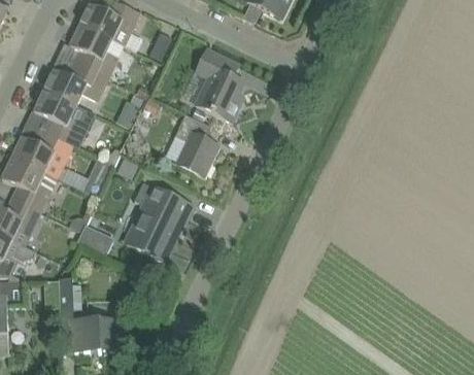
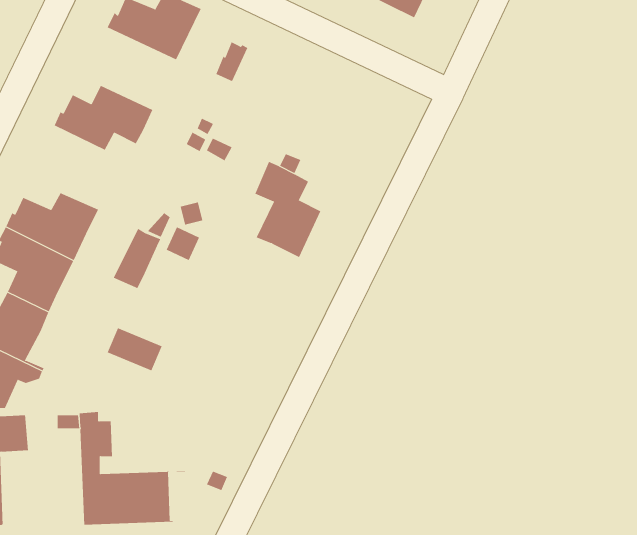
building: [69,24,123,78] -> none
building: [195,48,243,122] -> none
building: [33,89,90,144] -> none
building: [126,181,191,261] -> none

